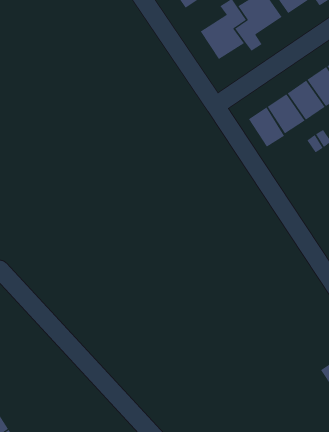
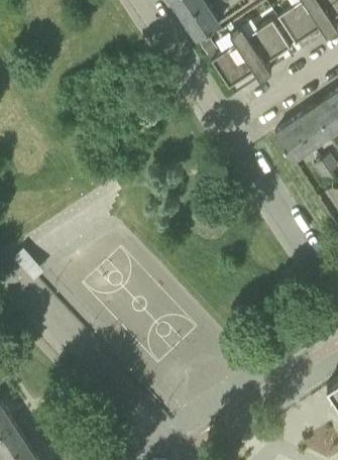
building: [248,107,285,147] -> none

